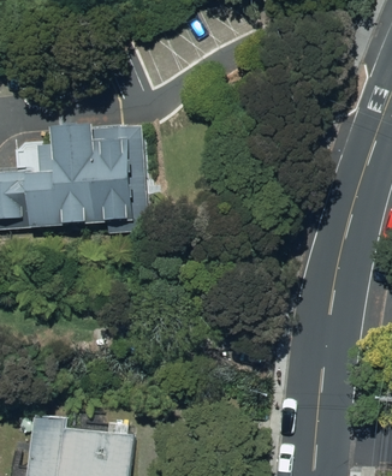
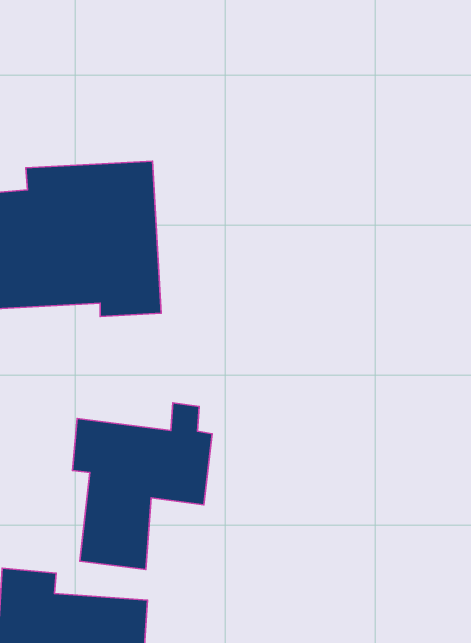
building: none -> [72,403,212,569]

